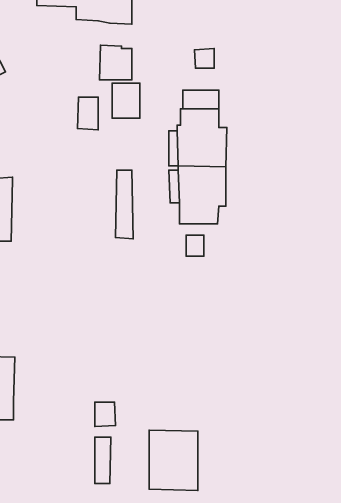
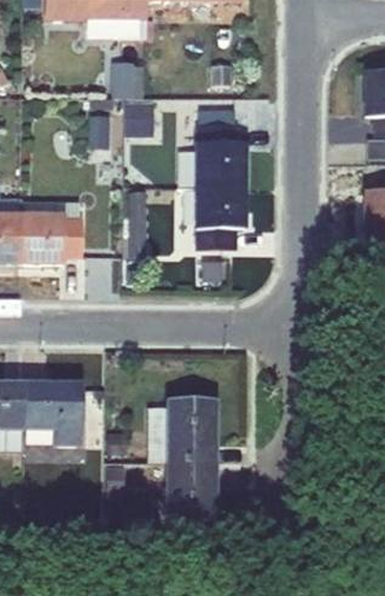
building: none -> [21,199,81,263]
building: none -> [23,384,82,444]
building: none -> [150,399,216,461]

